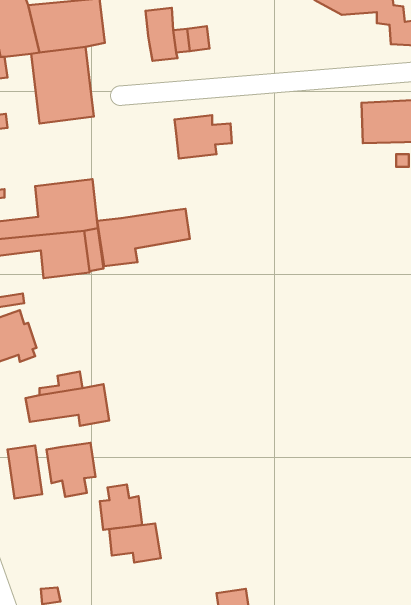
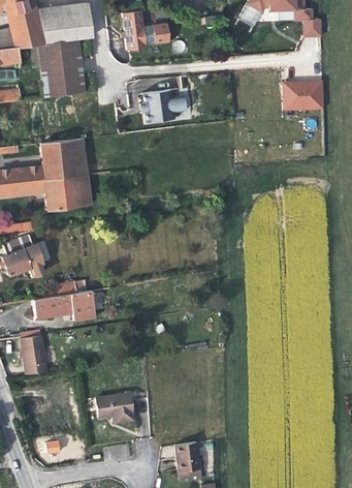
building: [97,209,190,266] -> none
building: [47,443,95,497] -> none
building: [100,485,142,530] -> none

